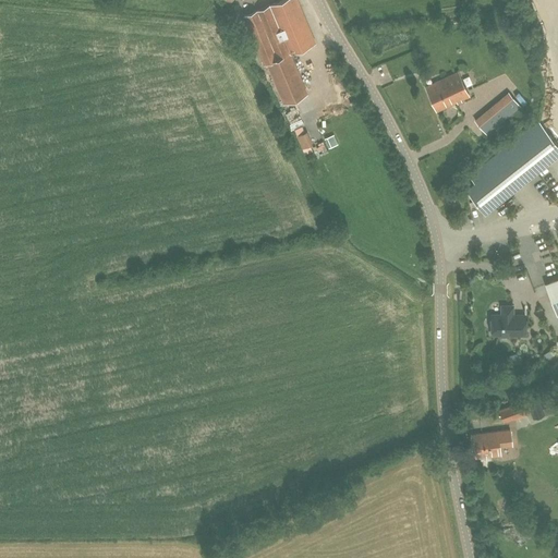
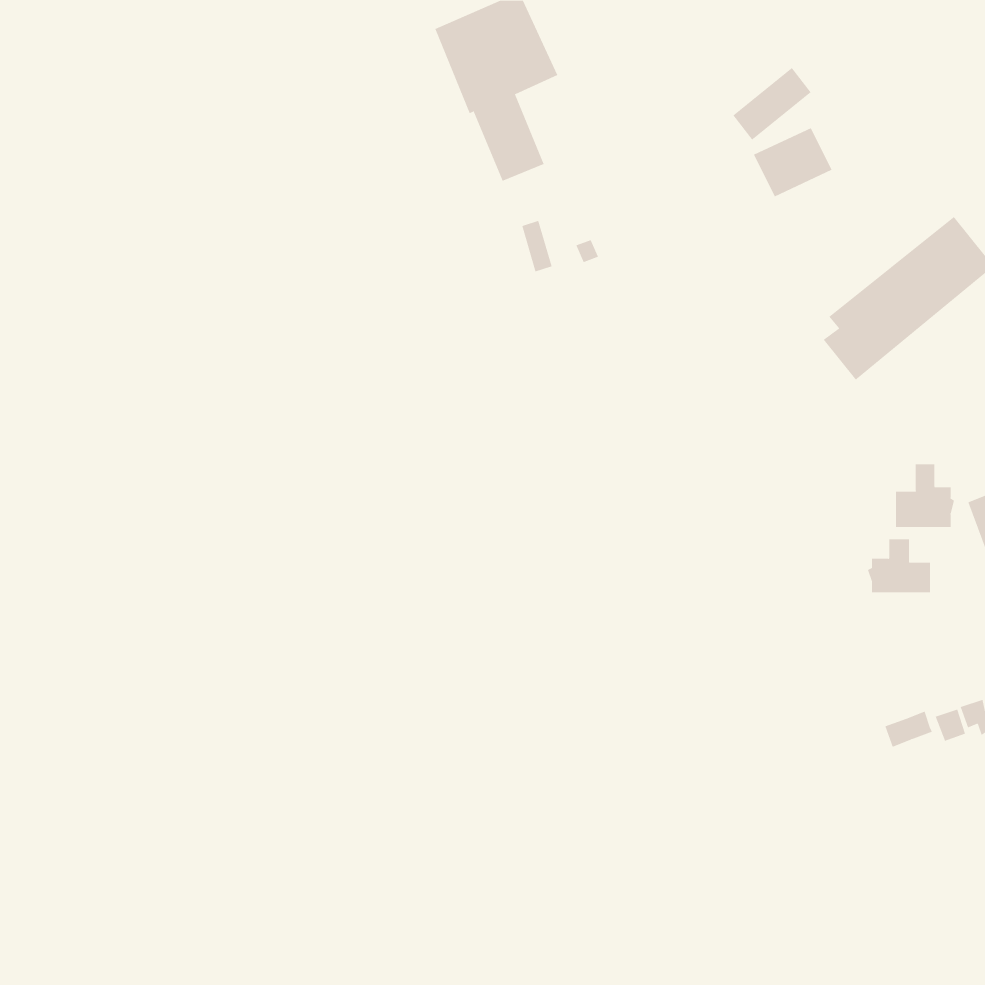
building: [476,94,521,135] -> [732,67,812,141]
building: none -> [896,463,955,528]
building: [473,429,512,459] -> none

